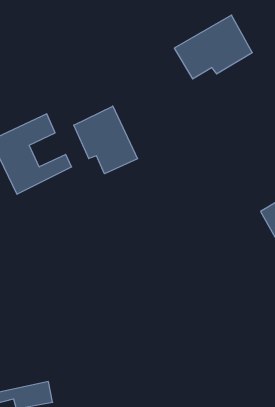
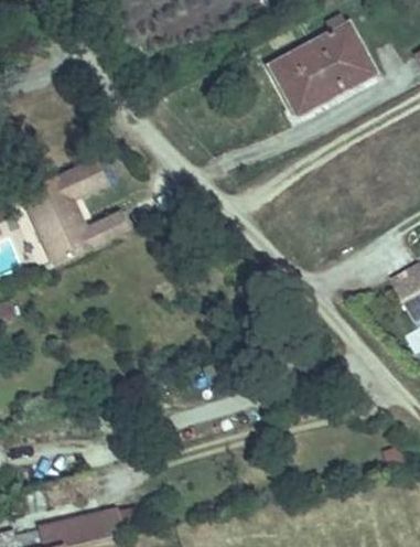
building: [74,106,138,174] -> none

